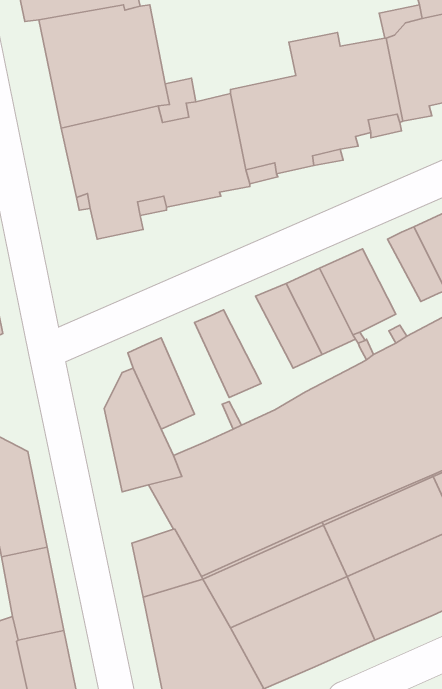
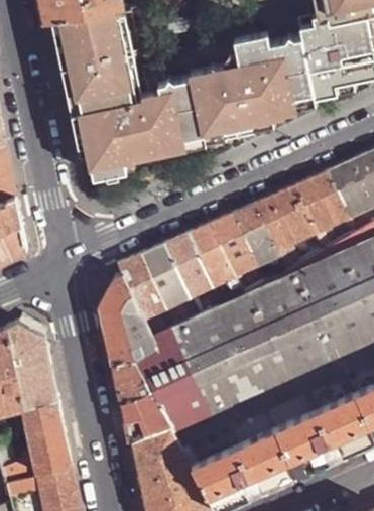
building: none -> [287,181,330,236]
building: none -> [186,223,237,286]
building: none -> [141,242,191,308]
building: none -> [113,360,150,402]

